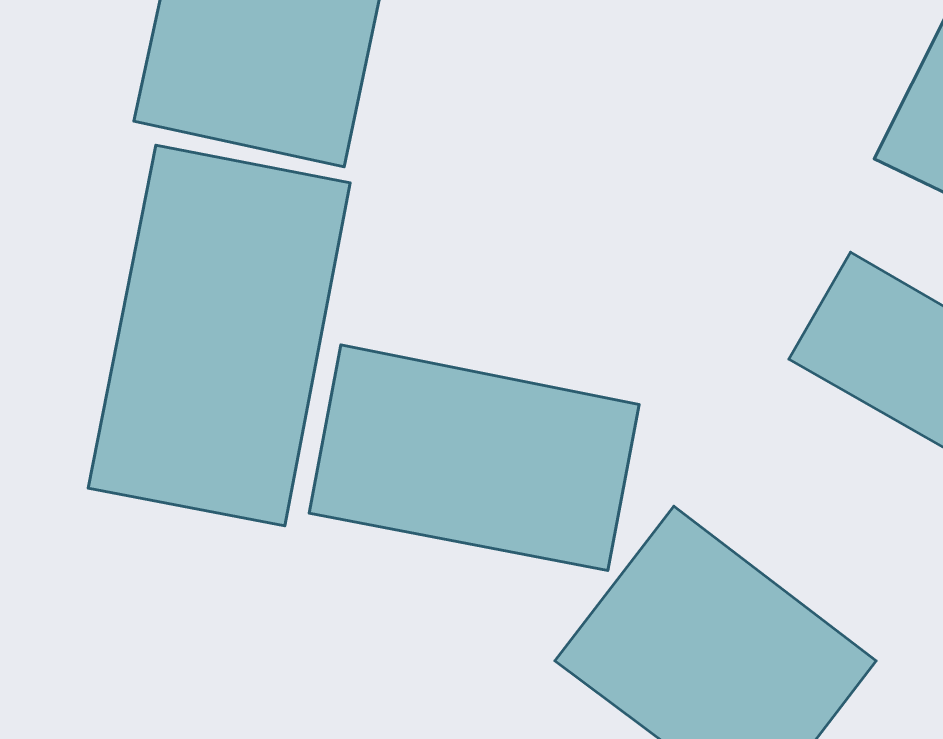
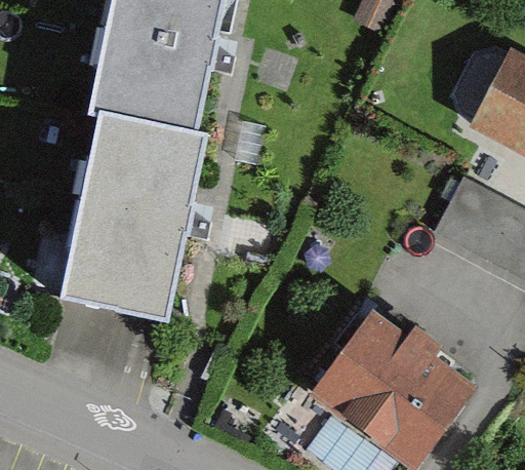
building: [309,345,639,570] -> none

